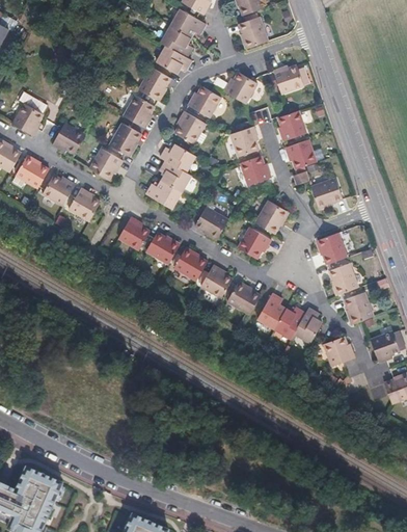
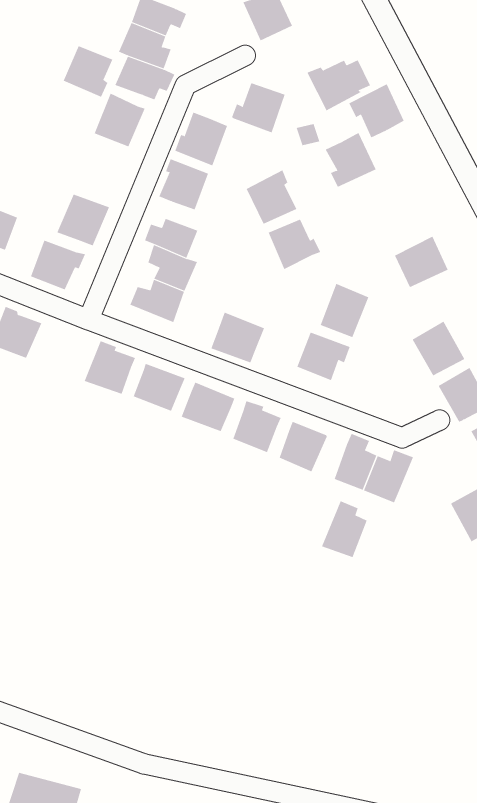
building: [125,95,157,128] -> [63,46,113,98]
building: [283,140,316,171] -> [348,84,405,138]
building: [291,305,321,342] -> [321,500,367,559]

